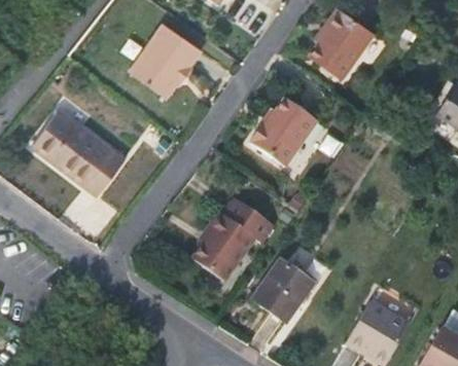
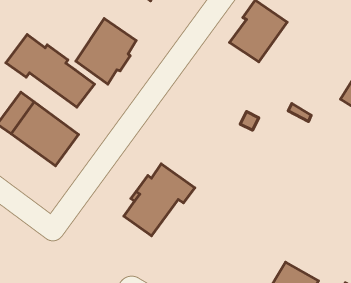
building: none -> [6,34,94,107]
building: [251,96,319,164] -> none
building: [249,257,313,324] -> none

